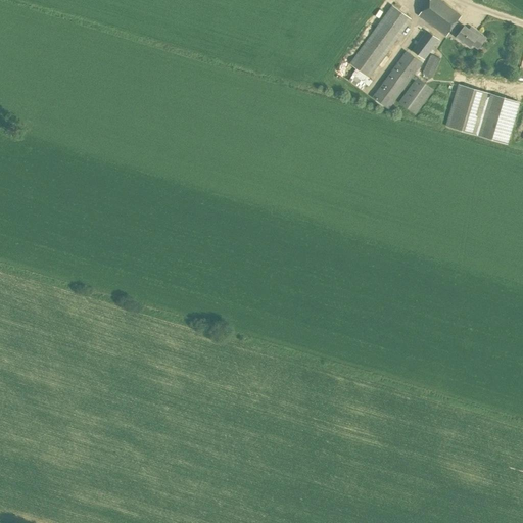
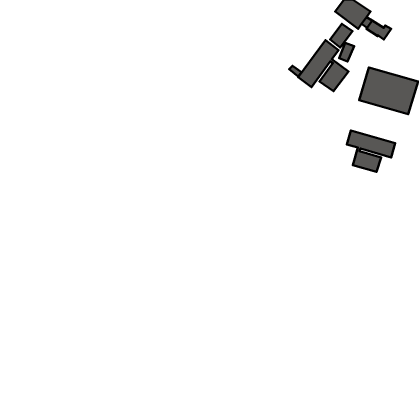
building: [349,5,411,77] -> none
building: none -> [347,130,395,172]

